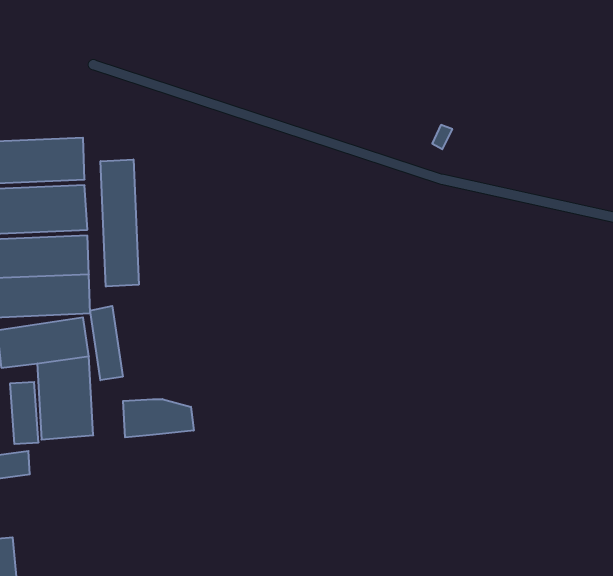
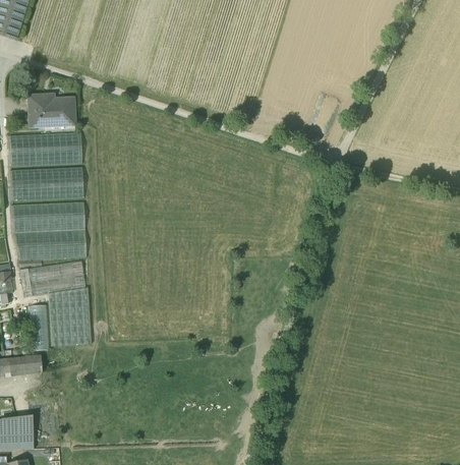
building: none -> [26,94,74,126]
building: [101,159,139,287] -> none
building: [90,306,123,380] -> none
building: [123,399,194,437] -> none

